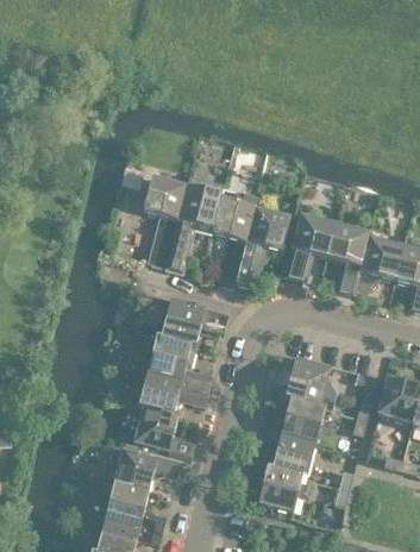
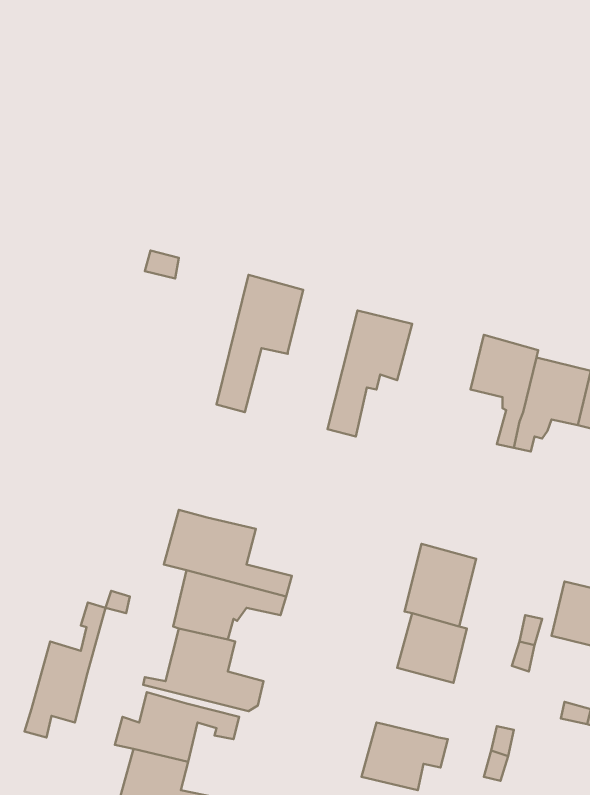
building: [142,177,186,268] -> none
building: [211,190,257,289] -> none
building: [283,215,334,282] -> none
building: [159,299,228,347] -> none
building: none -> [24,603,105,737]
building: [271,434,315,478] -> none

